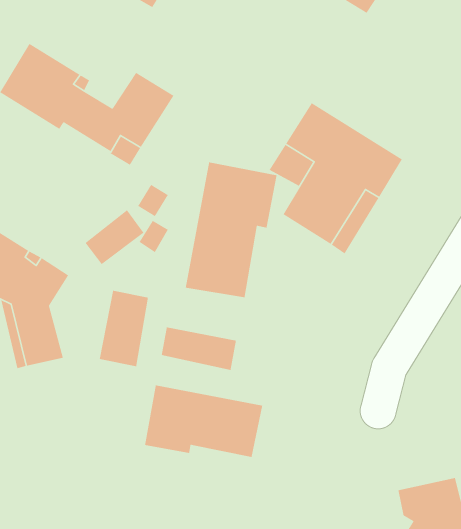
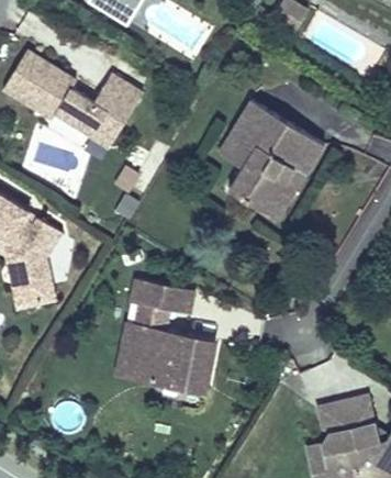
building: [185,161,277,298] -> none
building: [85,209,144,265] -> none
building: [99,290,149,367] -> none

